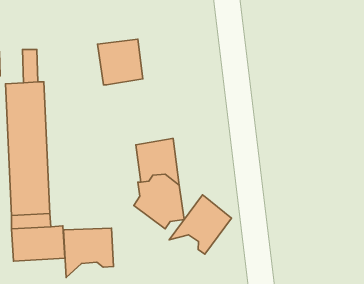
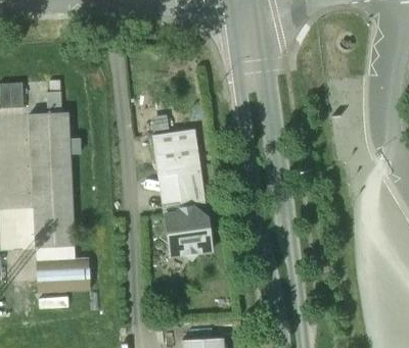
building: [98,39,143,85] -> [152,130,198,176]
building: [169,195,232,254] -> none
building: [63,228,114,277] -> none

